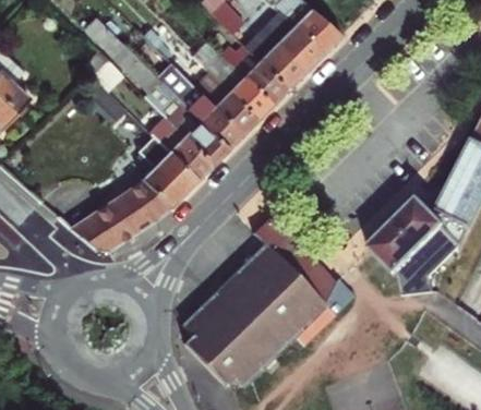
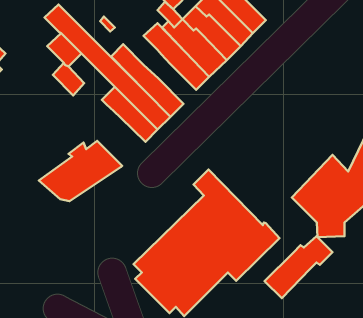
building: [194,74,256,137] -> none
building: [140,138,196,210] -> none
building: none -> [265,236,332,298]

